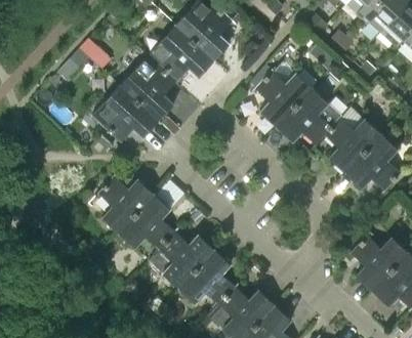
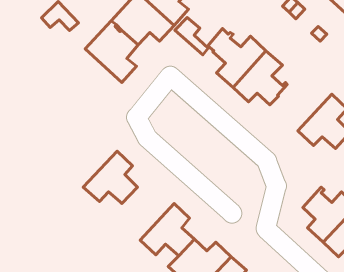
building: none -> [175,17,208,55]
building: [99,86,159,143] -> none
building: [324,114,381,173] -> none
building: [95,176,154,233] -> none
building: [149,233,214,289] -> none

